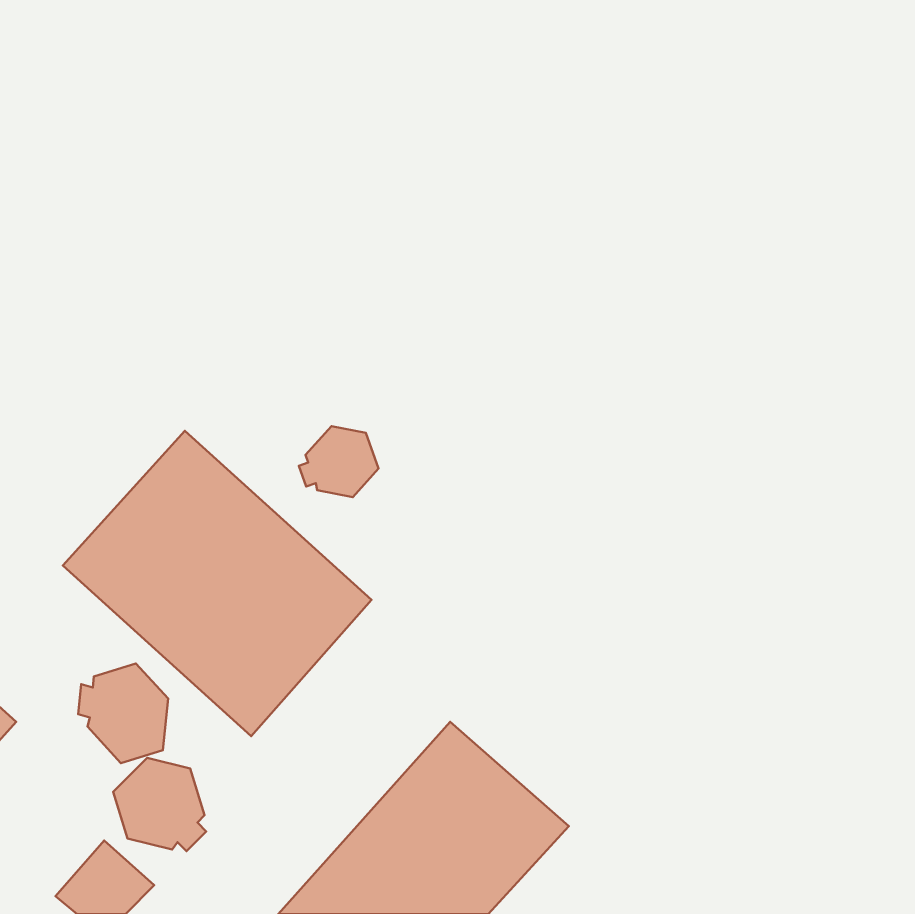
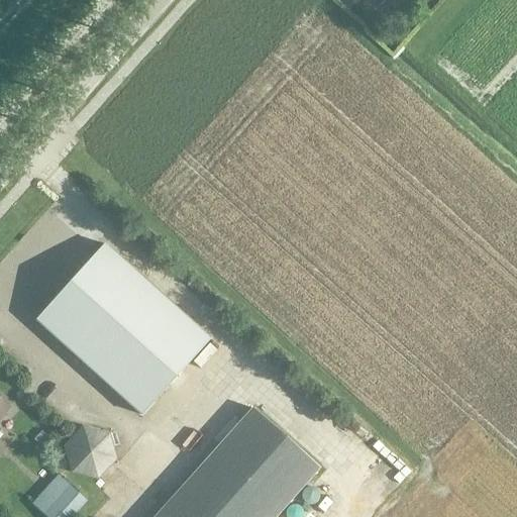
building: [299,426,379,497] -> none
building: [78,664,168,763] -> none

